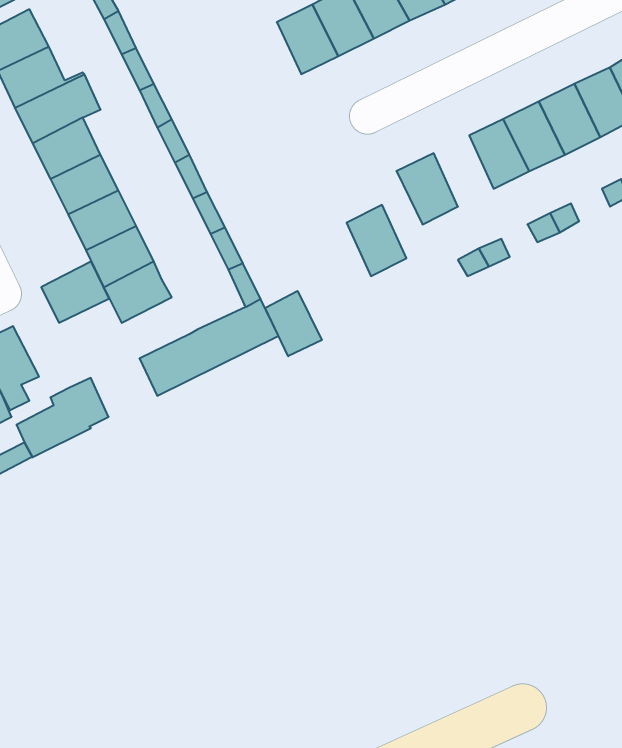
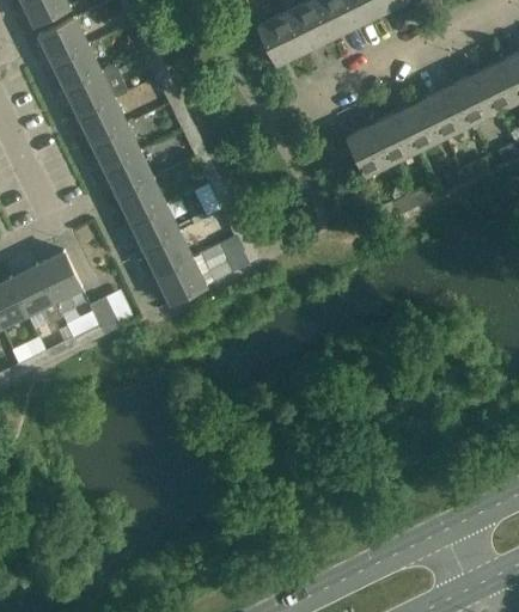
building: [347,205,406,276] -> [373,111,417,164]
building: [41,261,109,323] -> [142,231,193,276]
building: [265,291,322,356] -> none

